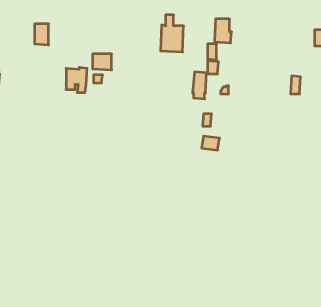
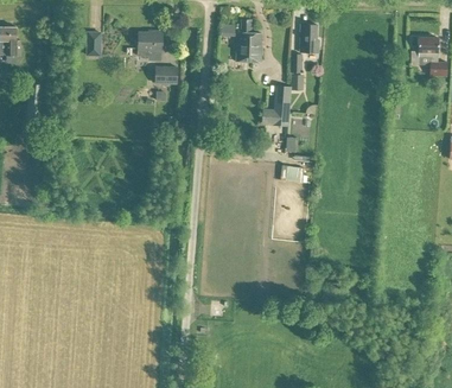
building: [66,67,87,92] -> [138,30,163,59]

